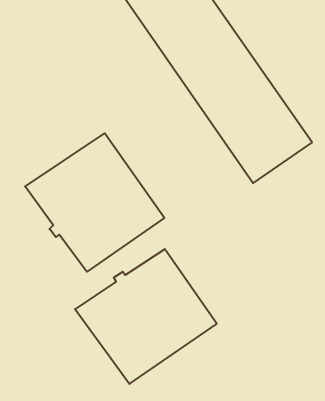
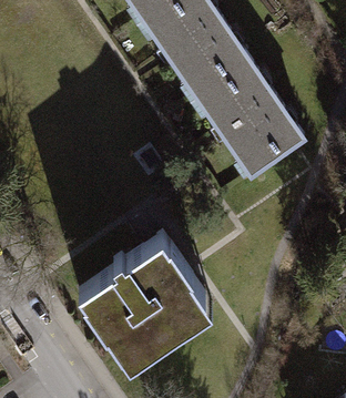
building: [25,133,164,272] -> none

